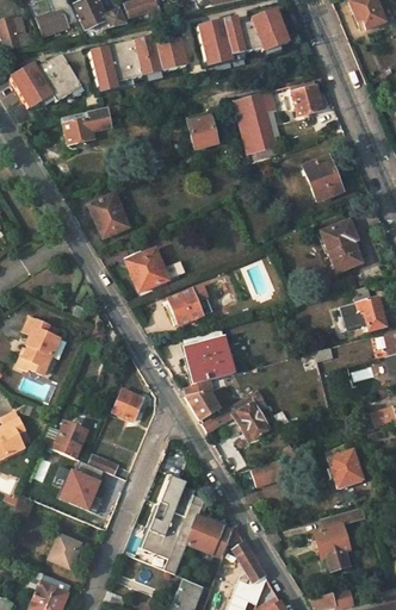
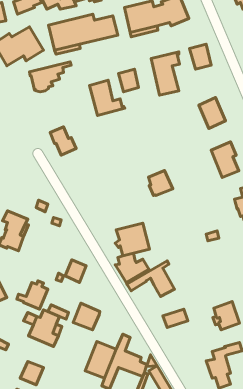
building: none -> [89,80,125,115]
building: [126,249,168,292] -> none
building: [169,288,204,324] -> [148,171,173,196]
building: [157,478,196,516] -> [73,303,100,330]

